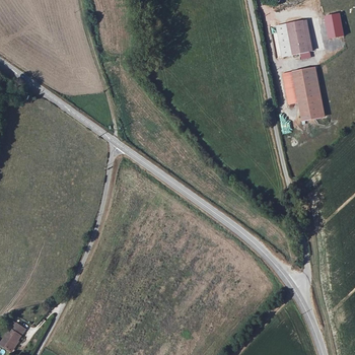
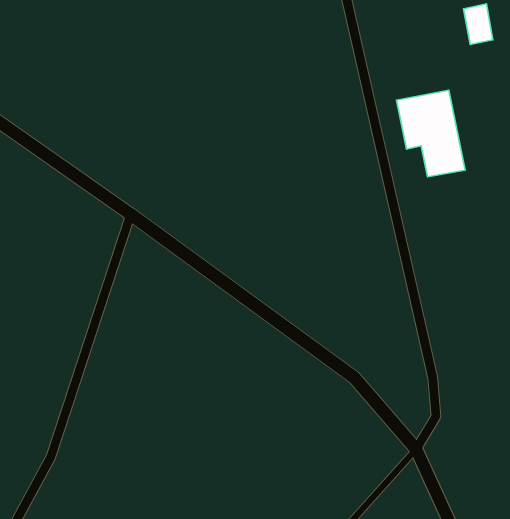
building: [276,19,312,56] -> none

